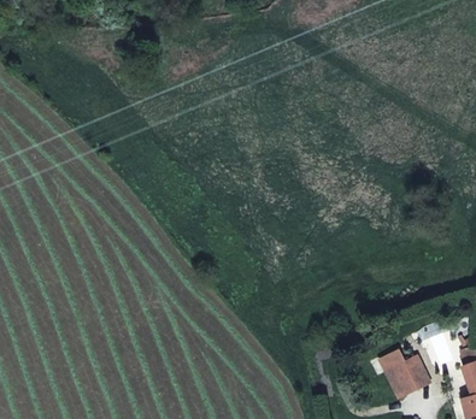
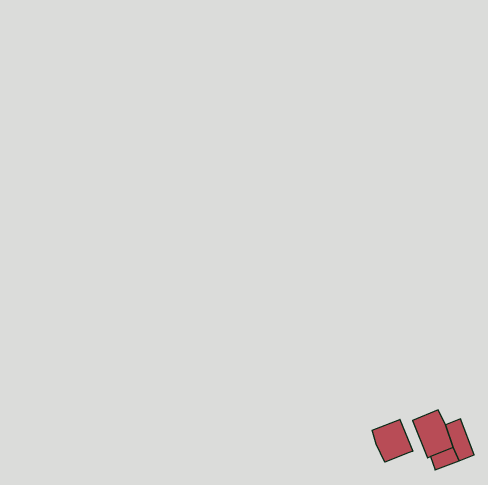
building: none -> [372,419,413,462]

